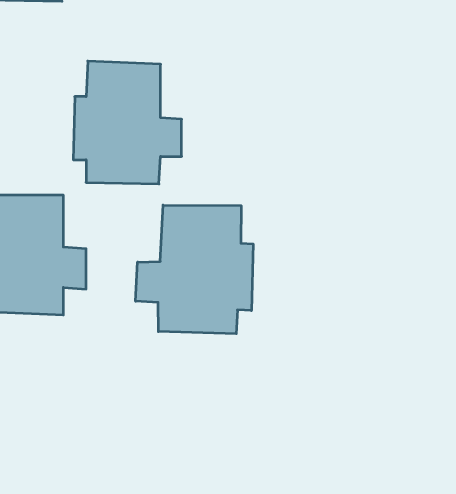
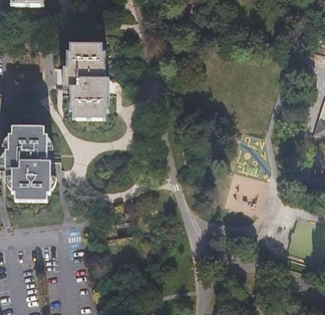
building: [136,205,253,334] -> none

